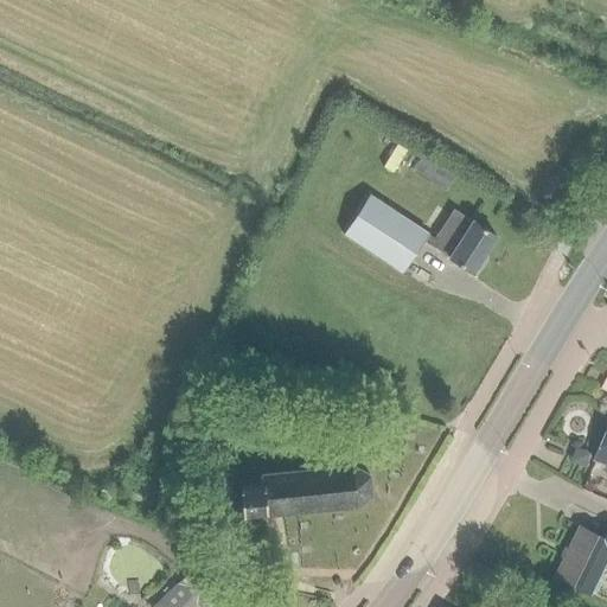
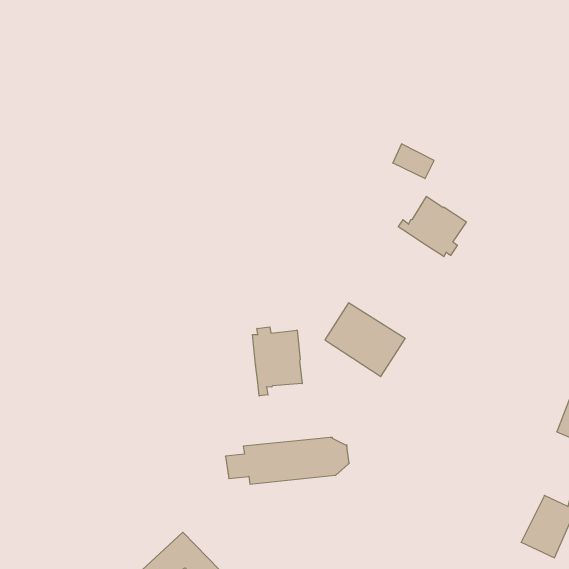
building: [344,197,429,275] -> [325,303,405,377]
building: none -> [253,327,302,396]

